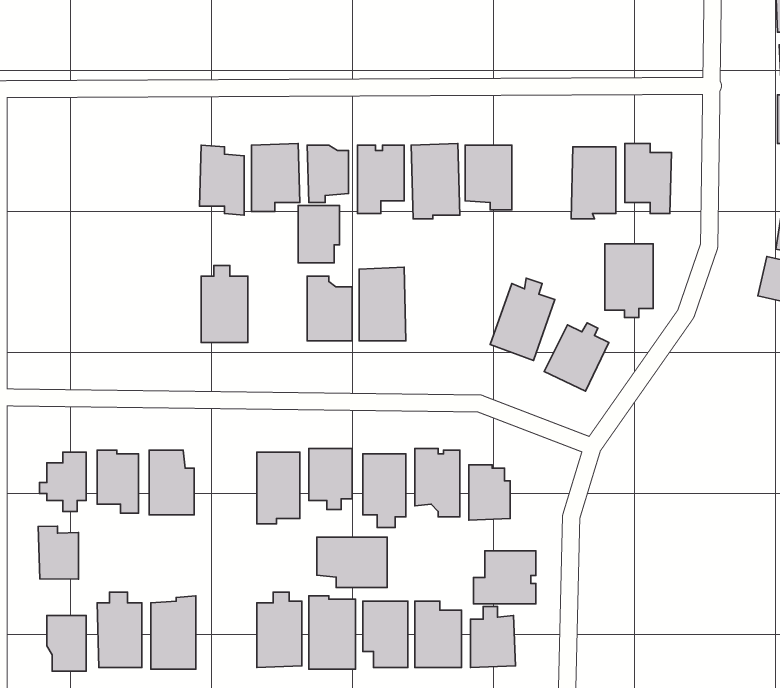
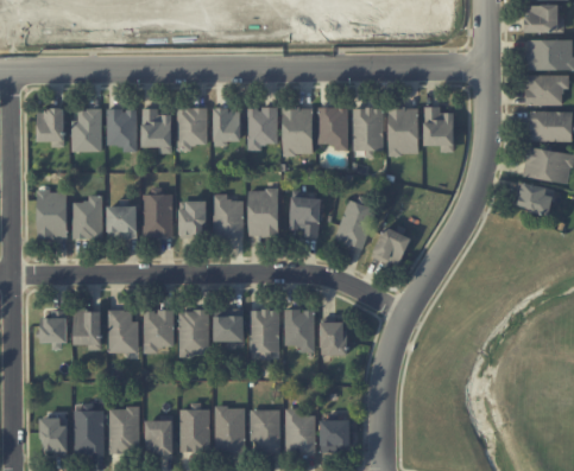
building: none -> [107,107,138,152]
building: none -> [37,108,64,147]
building: none -> [71,108,101,152]
building: [298,205,339,263] -> [179,199,207,237]
building: [605,244,653,317] -> [352,107,384,155]
building: none -> [36,187,65,241]
building: none -> [289,190,321,237]
building: none -> [72,196,102,238]
building: none -> [107,199,137,237]
building: none -> [141,308,174,354]
building: [38,526,78,579] -> none
building: [317,537,387,587] -> none
building: [474,551,536,604] -> none
building: none -> [145,414,172,453]

